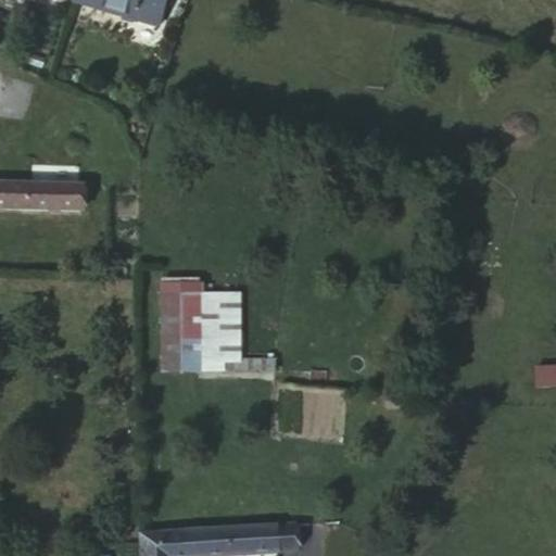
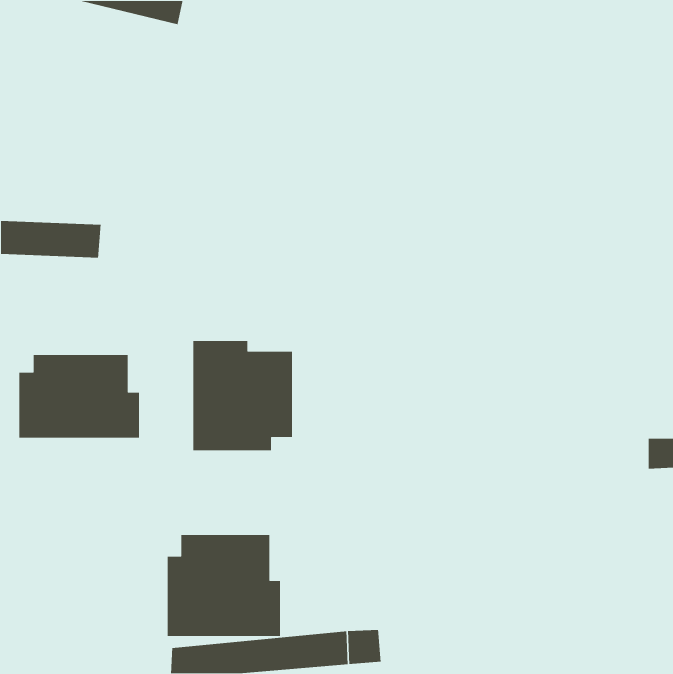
building: none -> [18,354,140,438]
building: none -> [167,534,281,637]

